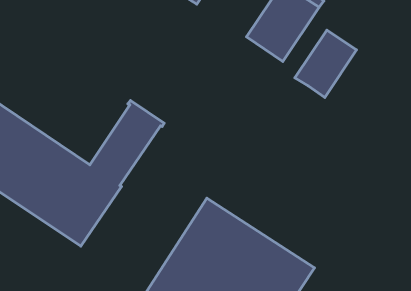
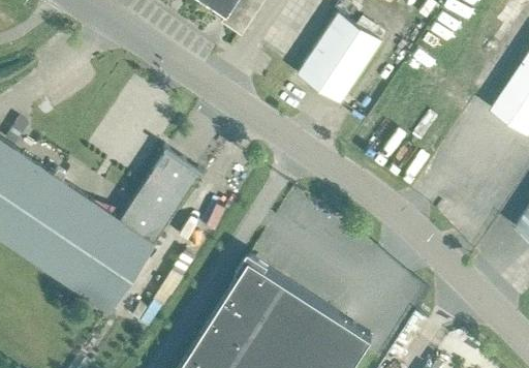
building: [295,30,356,97] -> none

